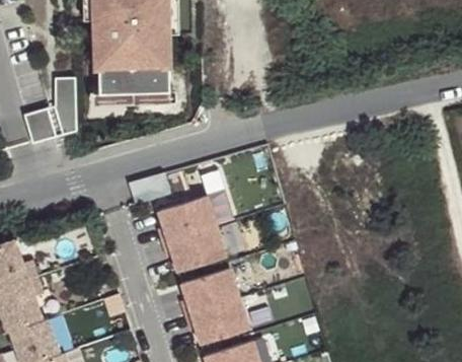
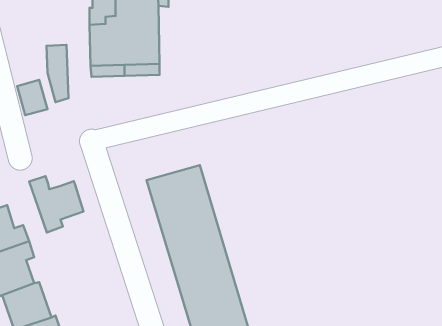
building: none -> [29,176,84,232]

